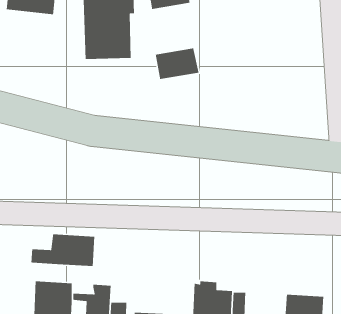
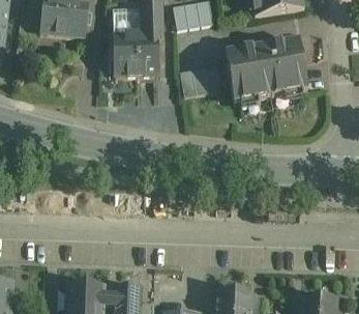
building: none -> [225,39,306,102]
building: [31,234,95,267] -> none

